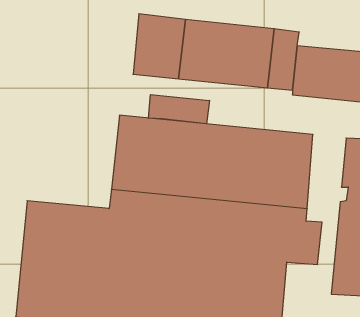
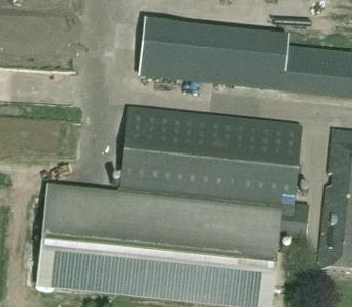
building: [149,95,209,124] -> none

